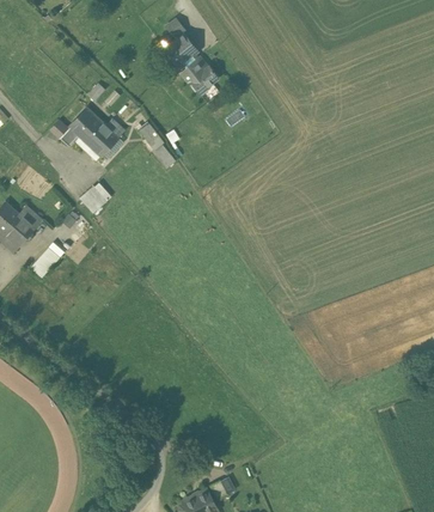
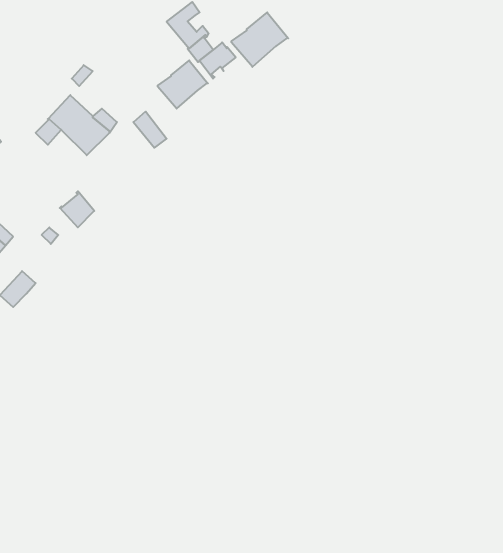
building: none -> [232,12,288,67]
building: none -> [158,60,208,109]

